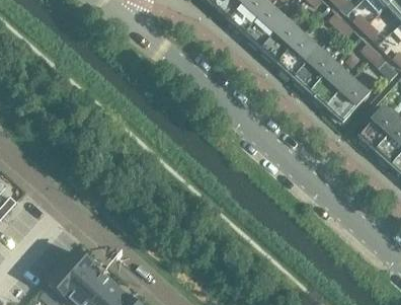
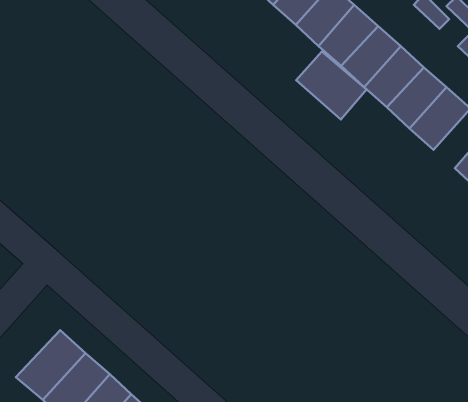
building: none -> [296,52,367,120]

